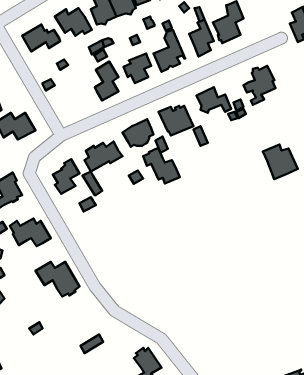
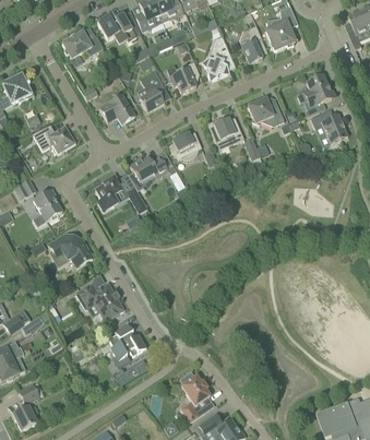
building: none -> [99,93,135,123]
building: [263,144,298,179] -> [311,109,348,146]
building: [143,148,180,183] -> none
building: none -> [108,322,146,359]

